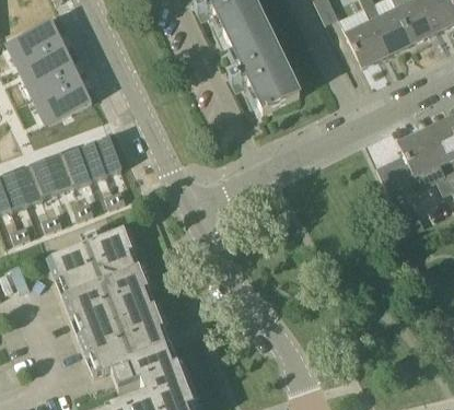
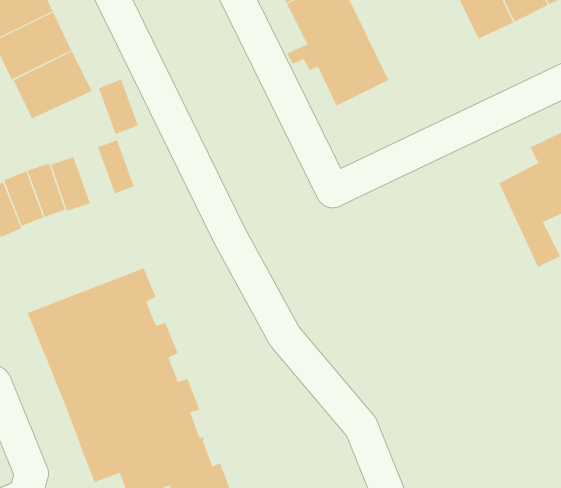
building: [80,141,108,180] -> [98,79,139,135]

